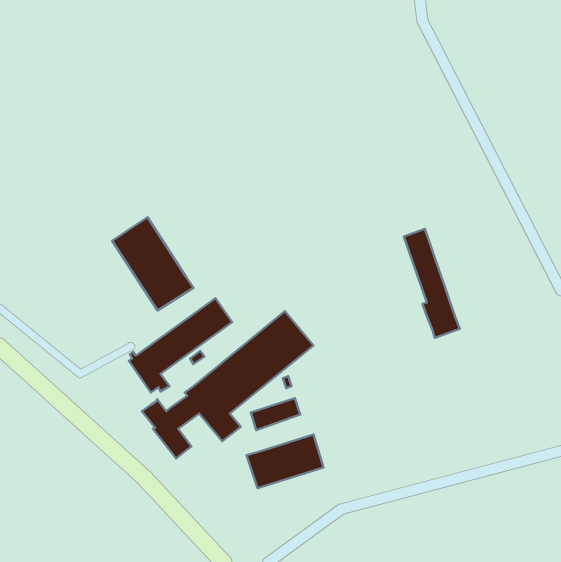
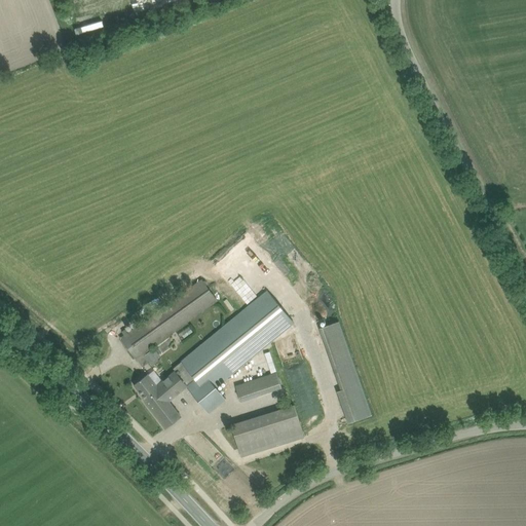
building: [112,217,194,310] -> none
building: [404,229,460,338] -> [318,322,371,423]

